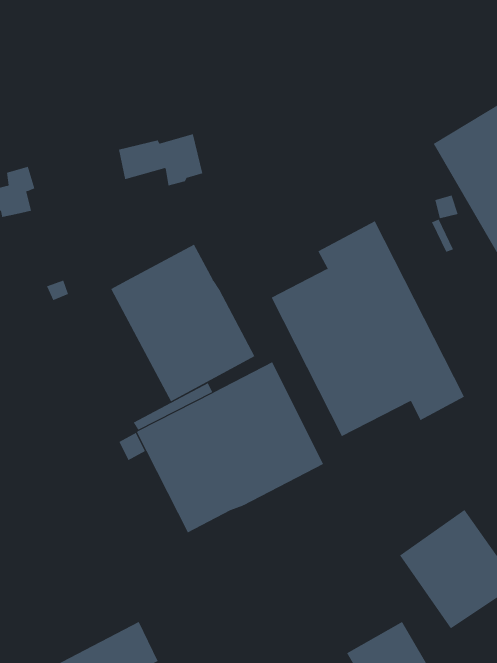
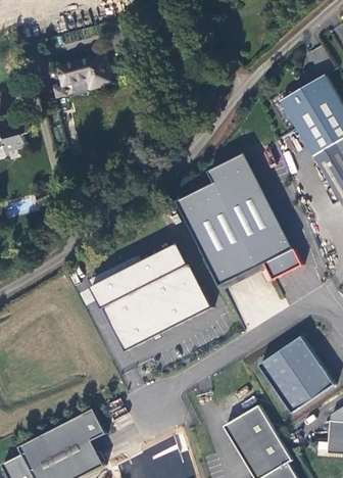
building: [118,133,203,186] -> [57,55,111,89]
building: [111,244,255,402] -> none

